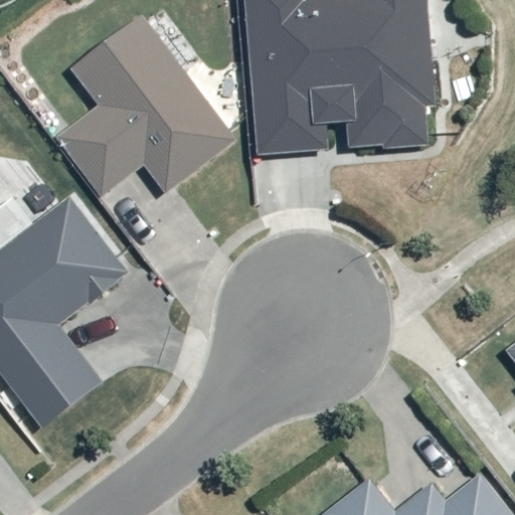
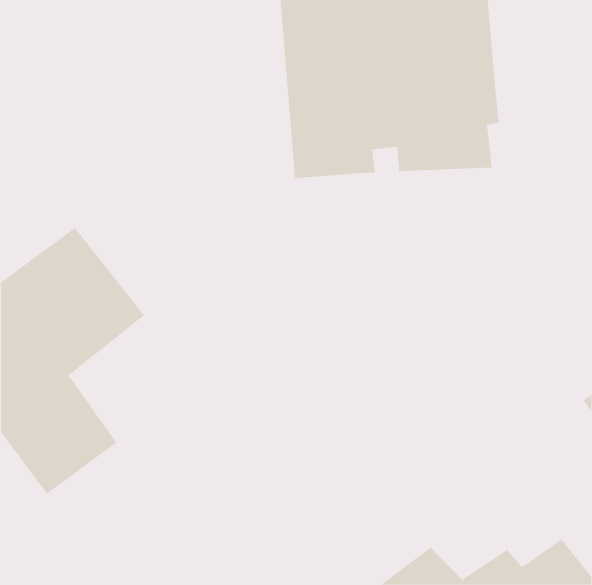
building: [53,13,237,197] -> none

